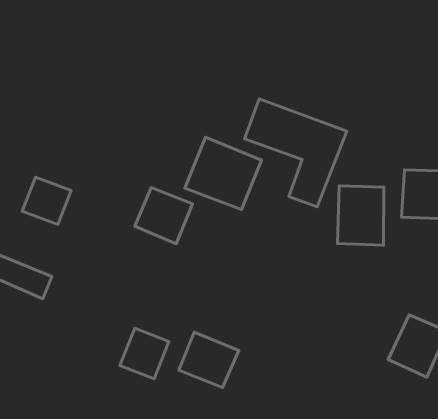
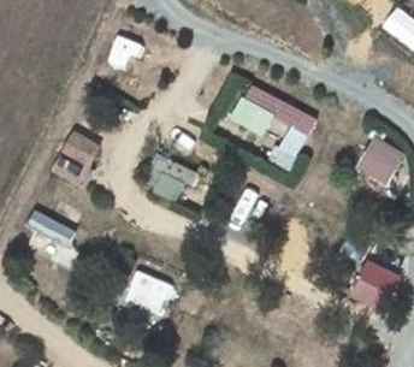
building: [185,137,262,209] -> none
building: [337,186,384,245] -> none
building: [179,332,239,387] -> none

